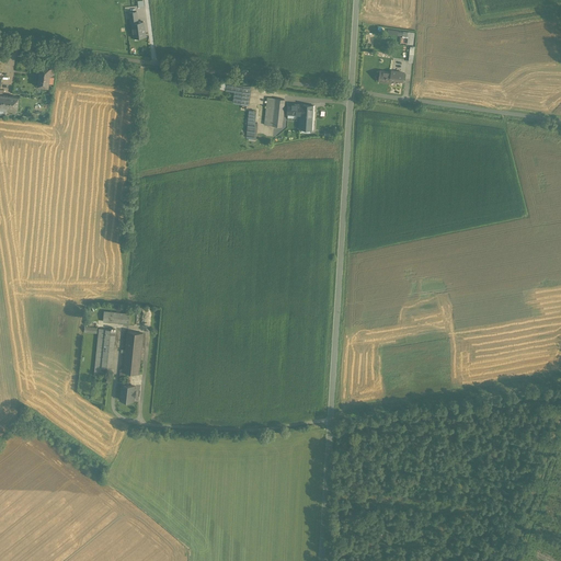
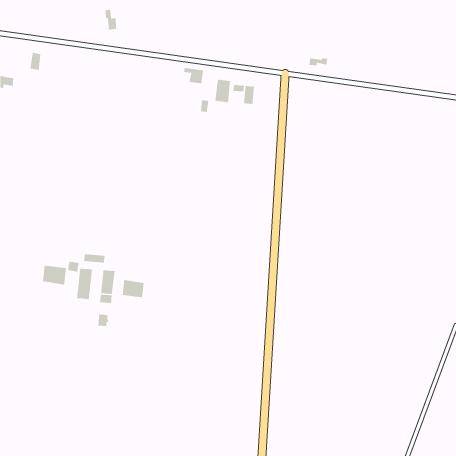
building: none -> [42,265,67,286]
building: none -> [122,279,145,298]

